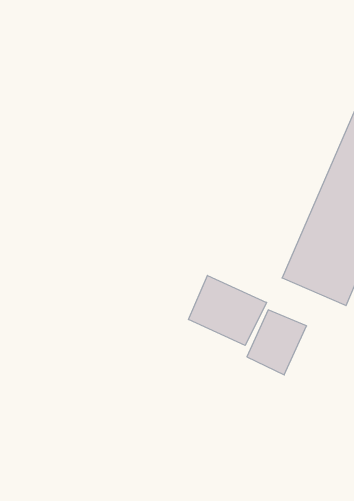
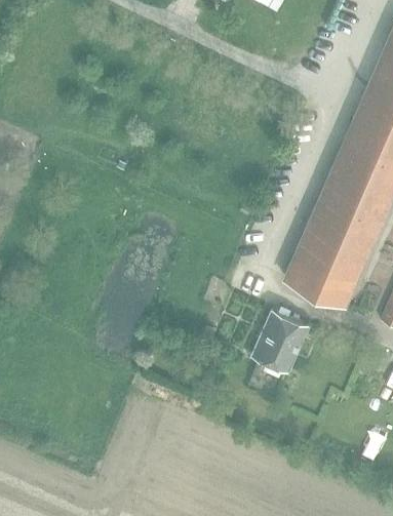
building: [189,275,267,345] -> none

